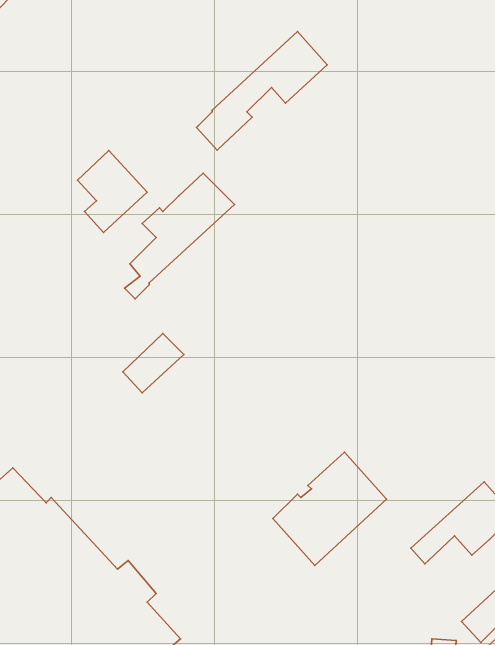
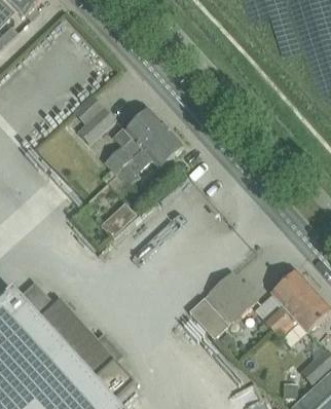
building: [196,32,327,150] -> [105,126,182,196]
building: none -> [252,270,311,329]

